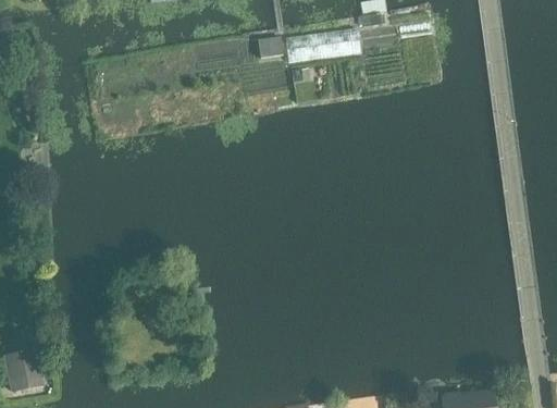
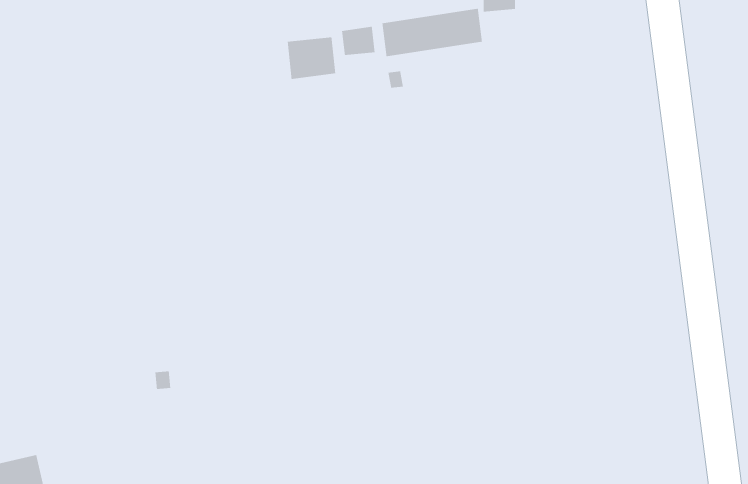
building: none -> [287,37,336,80]

